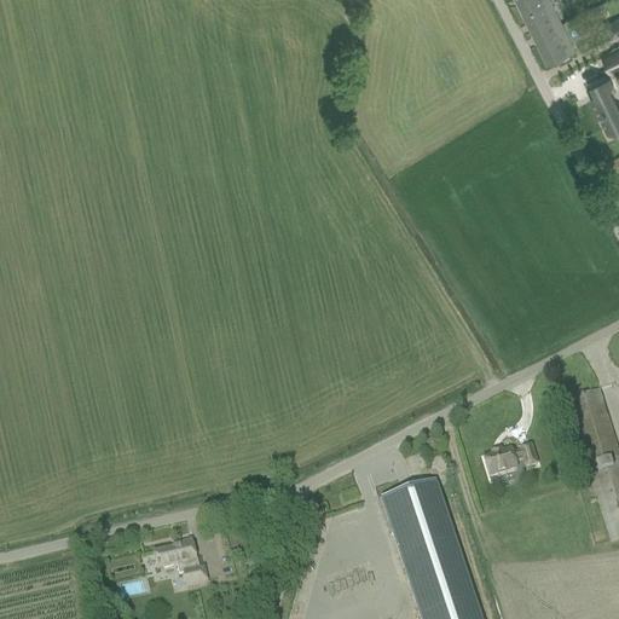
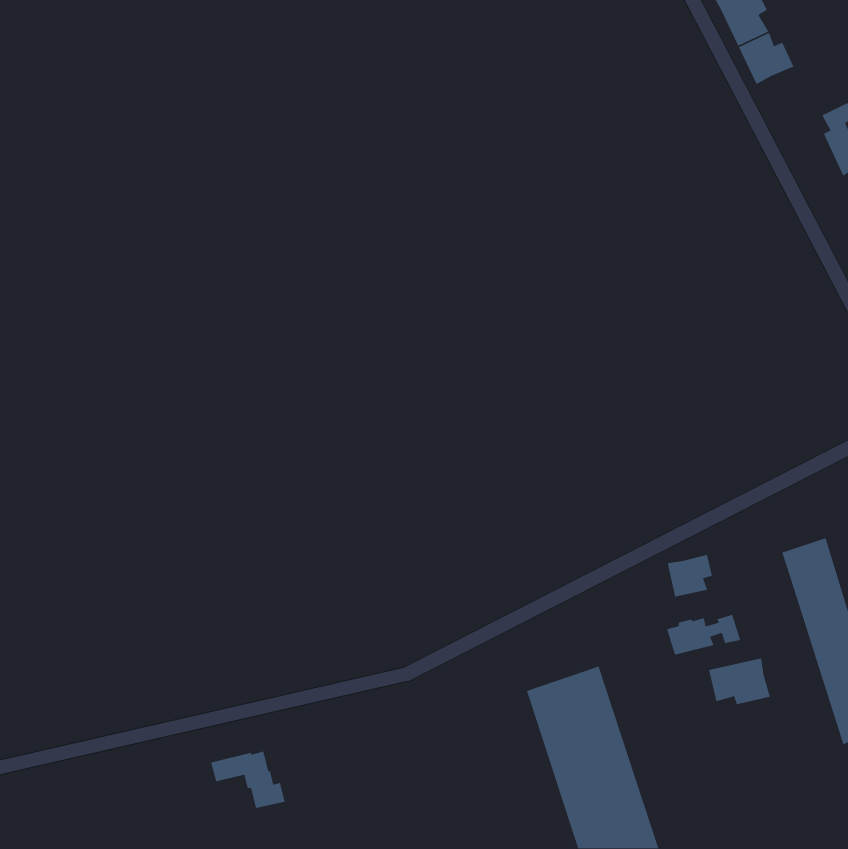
building: none -> [667,554,713,598]
building: none -> [708,658,771,705]

